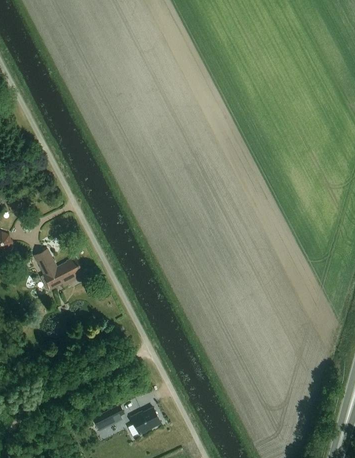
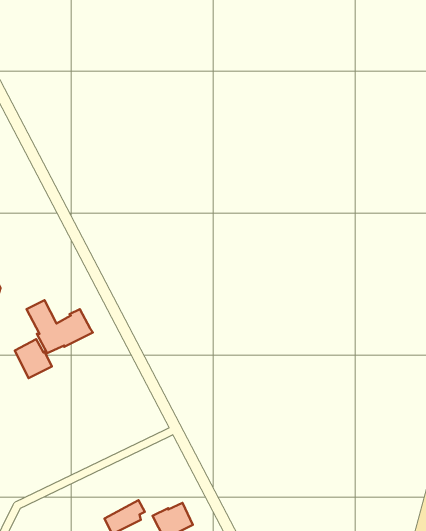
building: none -> [15,339,52,378]

